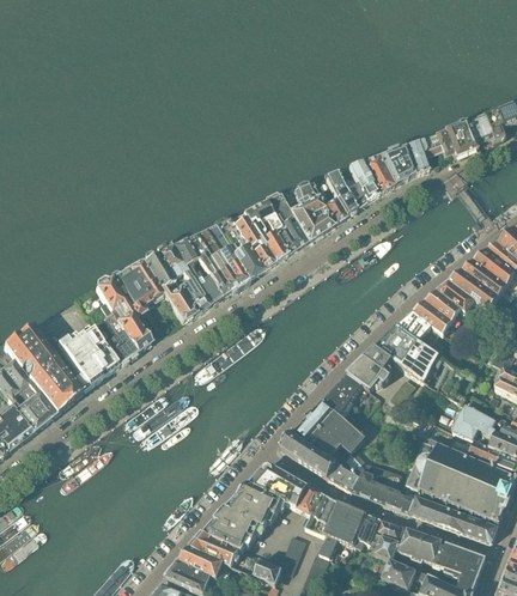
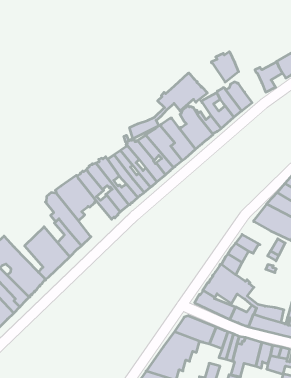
building: none -> [124,73,207,142]
building: [377,144,413,184] -> [211,52,239,82]
building: [357,346,396,379] -> none

